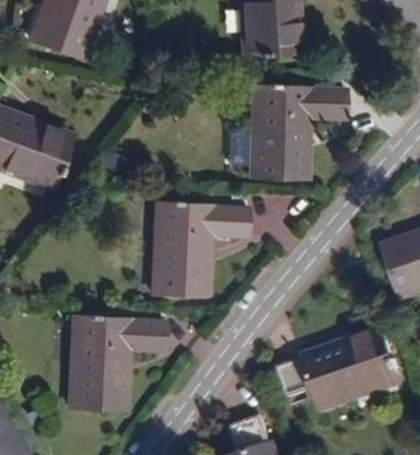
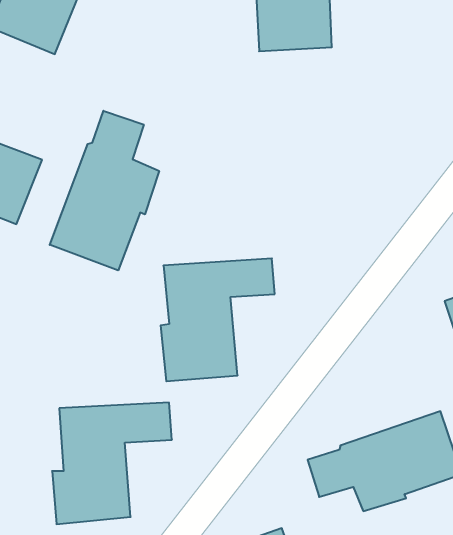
building: [249,86,340,177] -> none
building: none -> [50,111,159,270]

